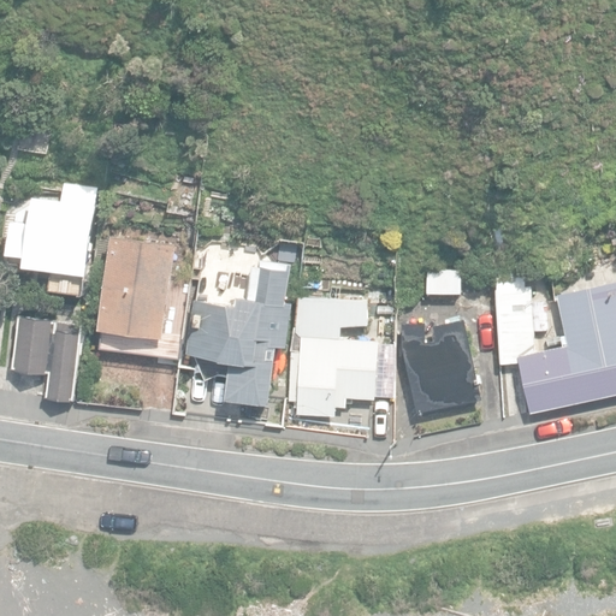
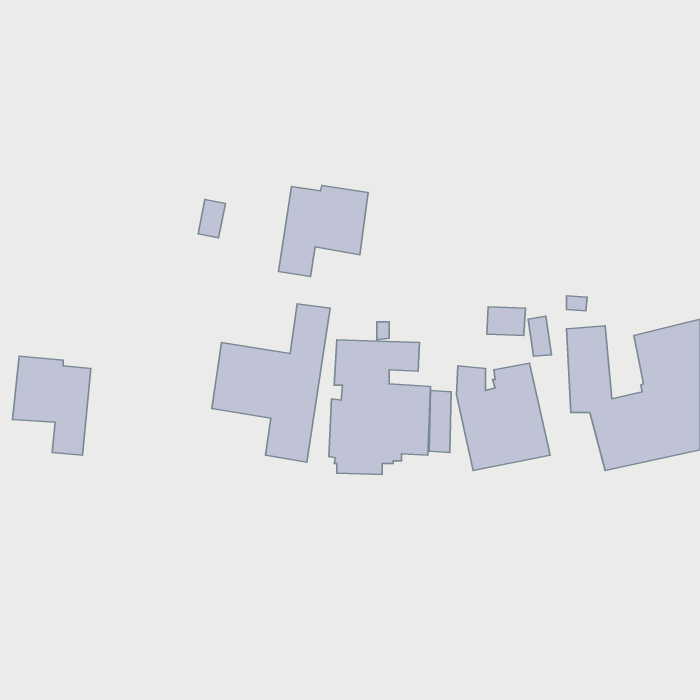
building: none -> [279,185,368,276]
building: [5,183,96,283] -> none
building: [96,235,177,350] -> none

